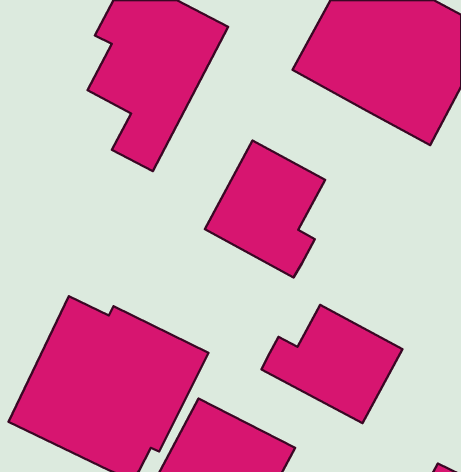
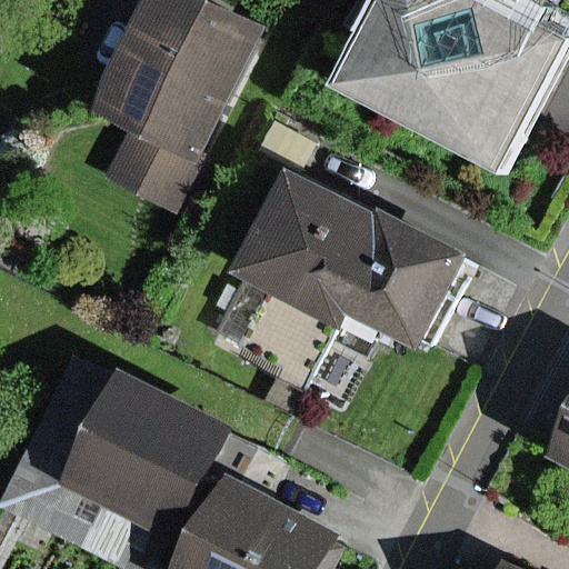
building: none -> [356,213,475,352]
building: [262,305,402,423] -> none

